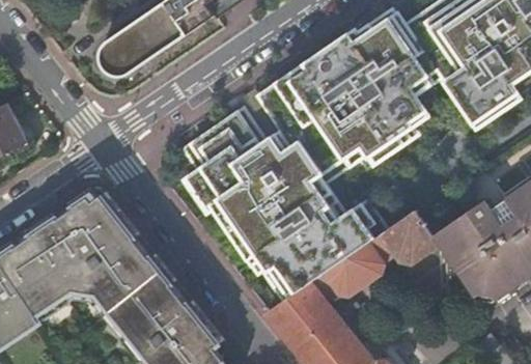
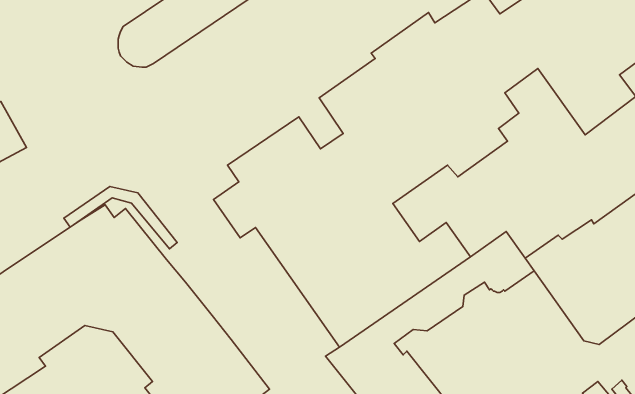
building: [33,285,125,336] -> [64,186,177,249]

